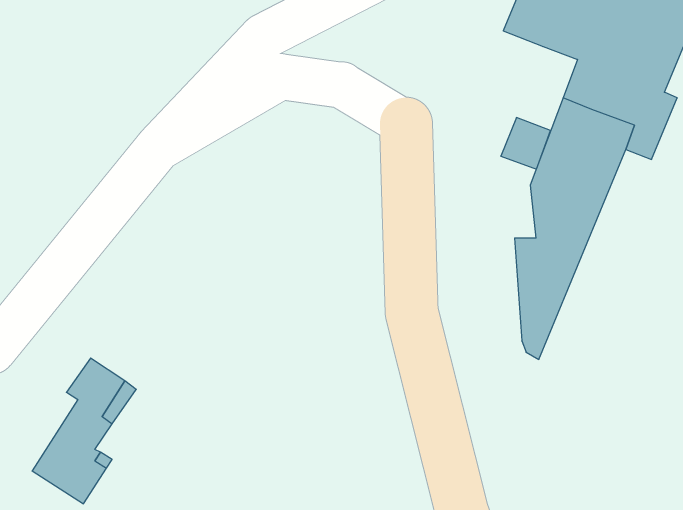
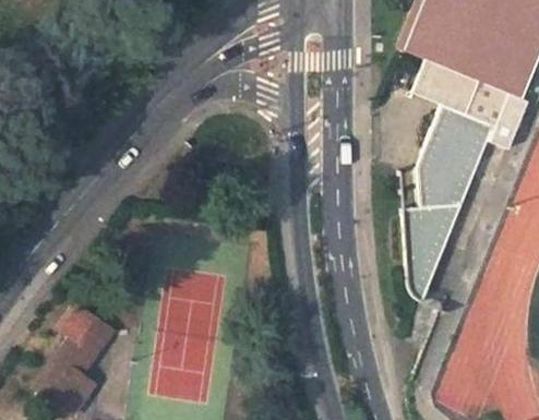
building: [501,118,551,169] -> [416,60,454,99]

